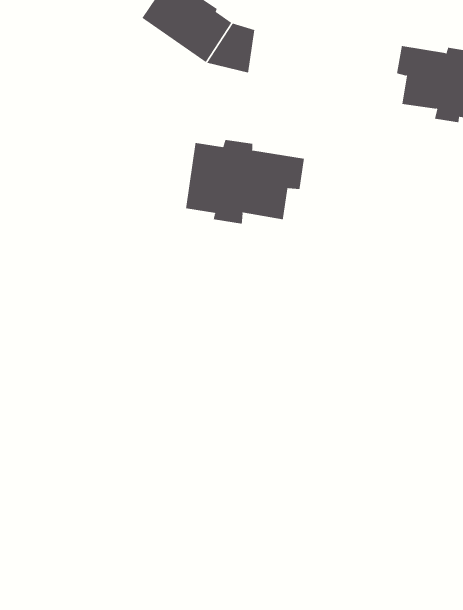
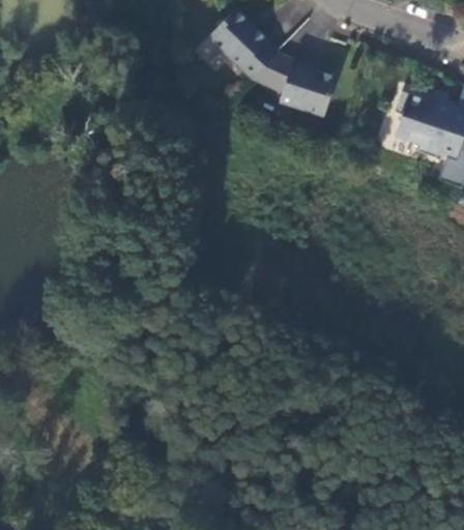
building: none -> [281,61,338,118]
building: [186,139,305,225] -> none

